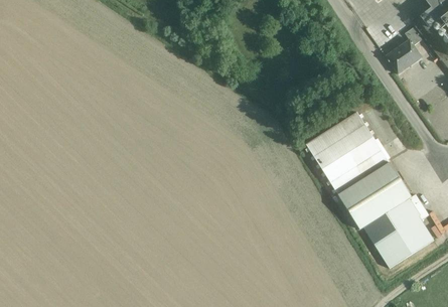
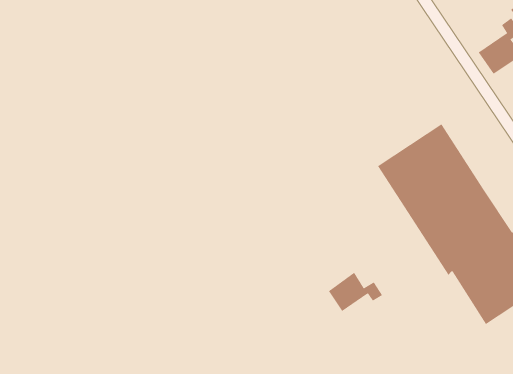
building: none -> [328,272,383,312]

